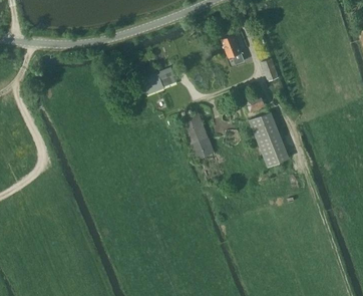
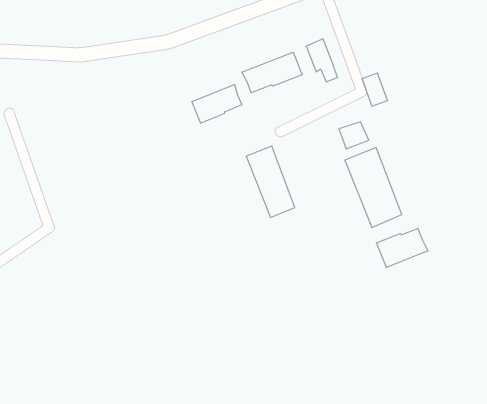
building: none -> [242,52,302,93]
building: none -> [376,228,428,268]

